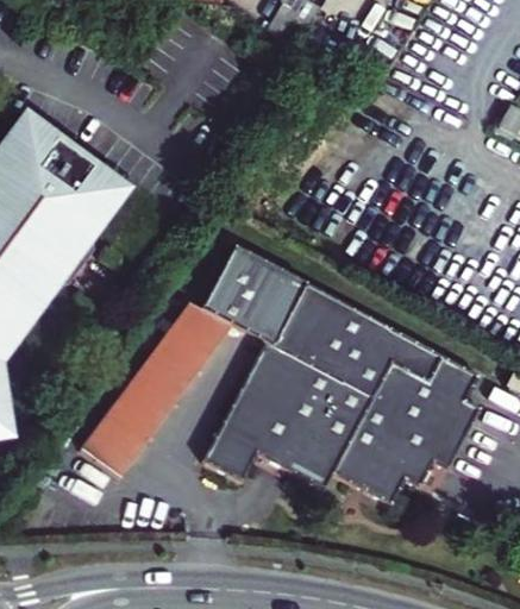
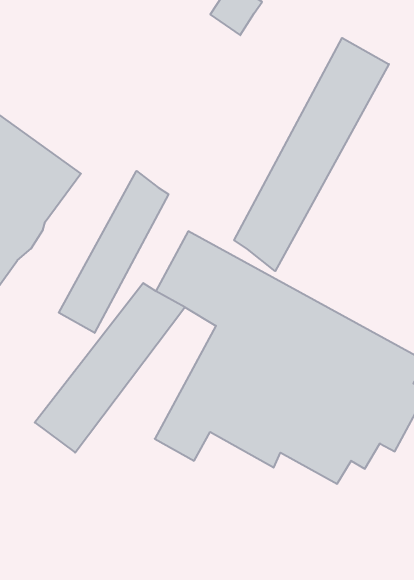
building: none -> [234,38,389,271]
building: none -> [59,171,168,333]

